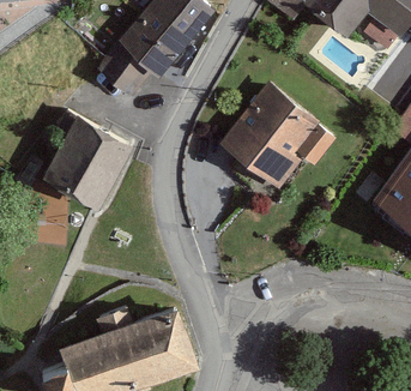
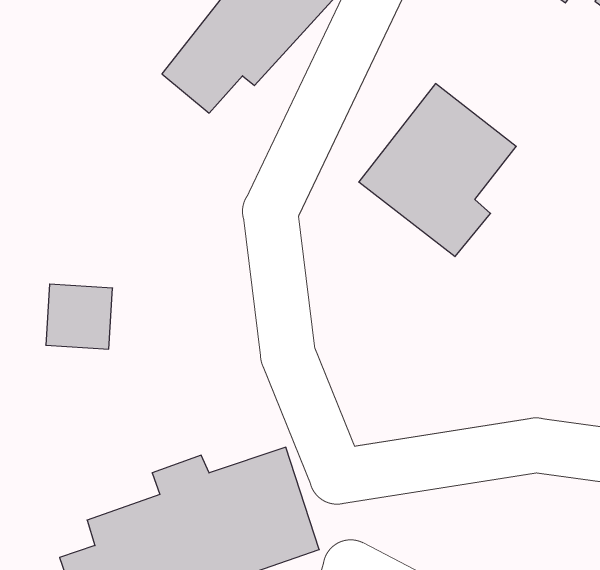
building: [41,114,129,206] -> none

